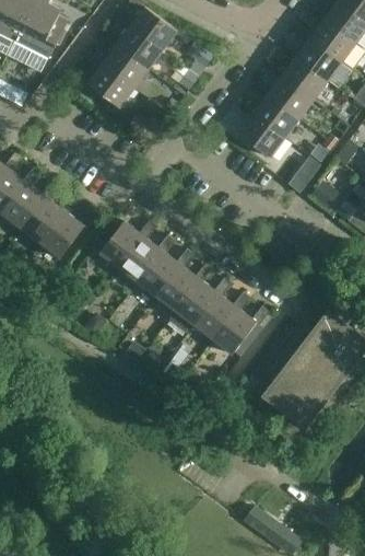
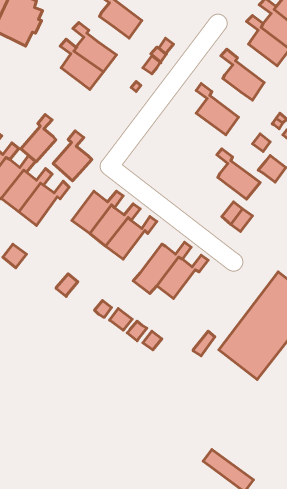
building: [115,13,163,69] -> none
building: [279,44,327,100] -> none
building: [251,82,299,138] -> [217,149,260,199]
building: none -> [21,114,56,162]
building: none -> [53,131,92,181]
building: [156,263,213,311] -> none
building: [212,305,269,354] -> none

